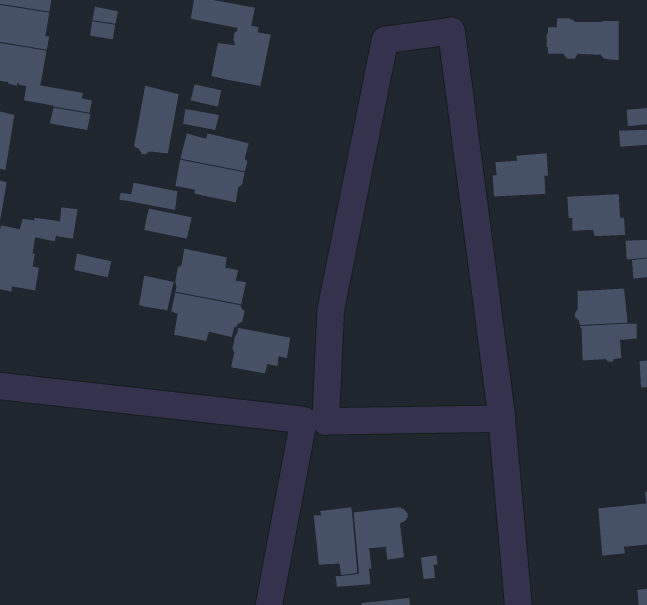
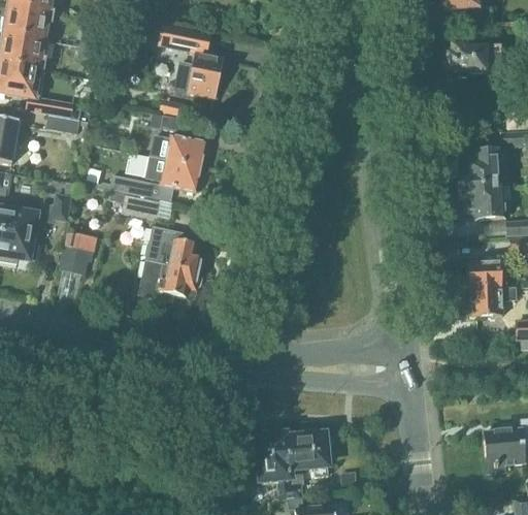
building: [133,85,179,155] -> none
building: [492,153,549,197] -> [457,151,502,186]
building: [138,275,174,312] -> [60,245,89,273]
building: [230,327,291,374] -> none

